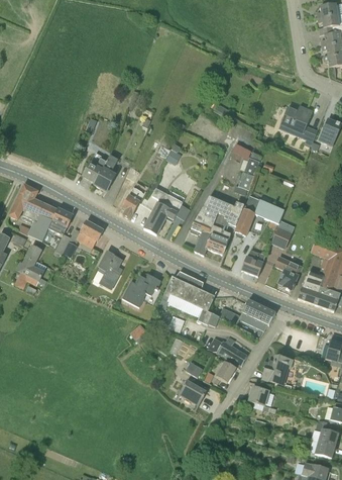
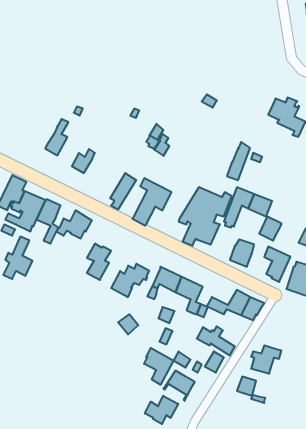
building: [94,155,117,191] -> [45,119,68,155]
building: none -> [144,348,174,385]
building: none -> [145,396,178,424]

